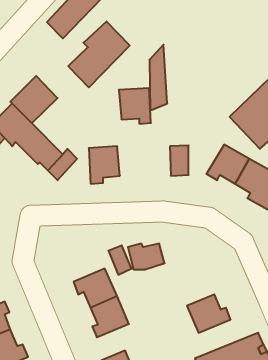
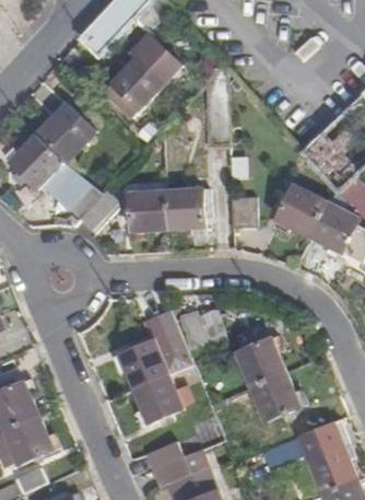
building: [119,88,151,124] -> [165,188,204,232]
building: none -> [235,335,284,386]

